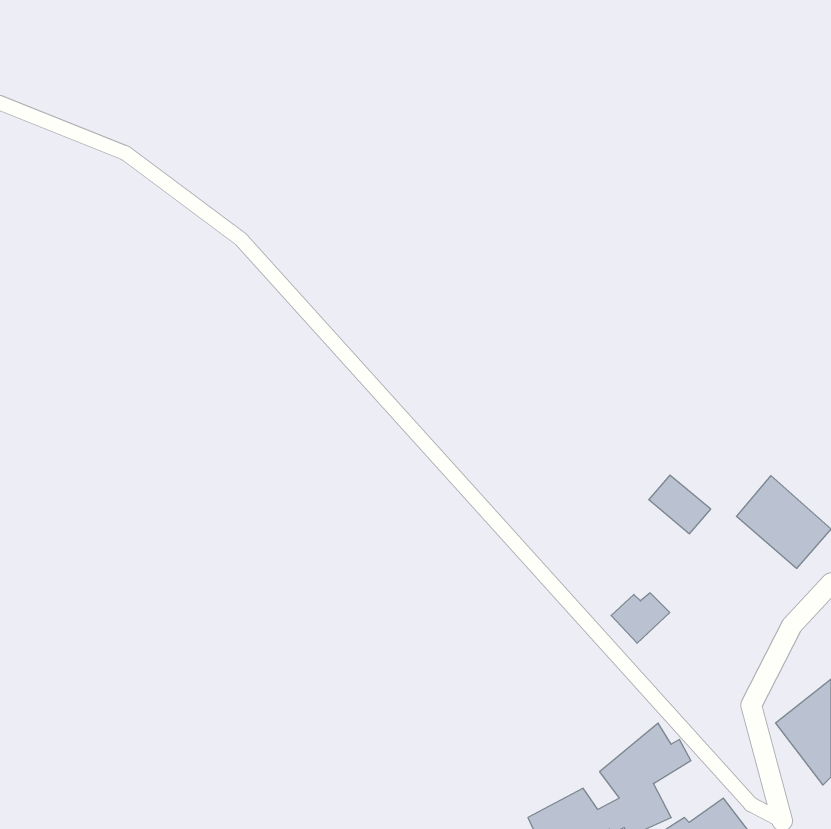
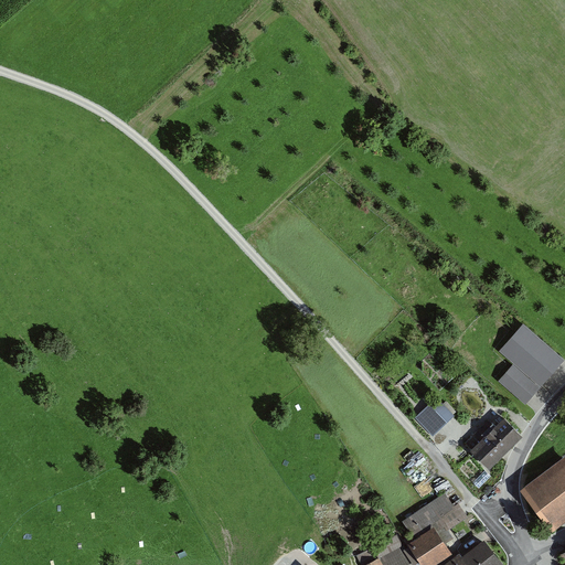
building: [649,475,711,534] -> [498,365,540,405]
building: none -> [462,418,519,468]

